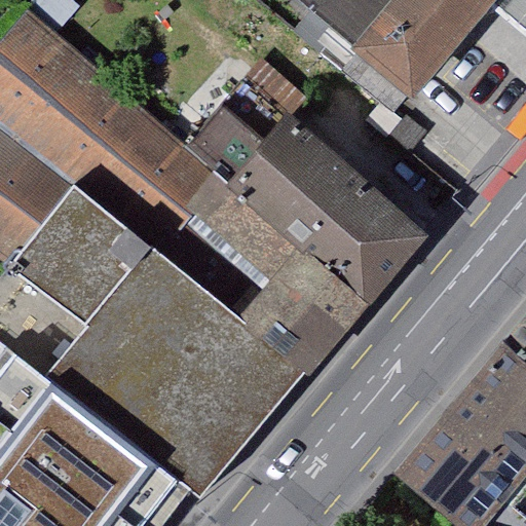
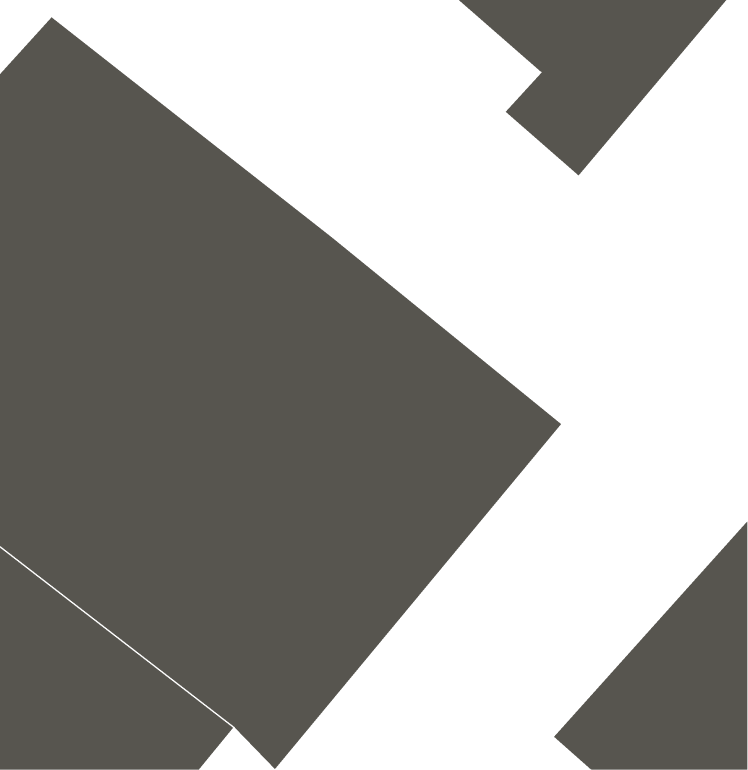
building: [226,88,441,289] -> none

